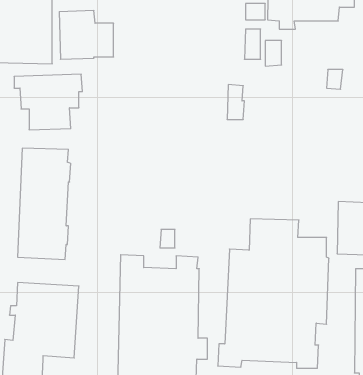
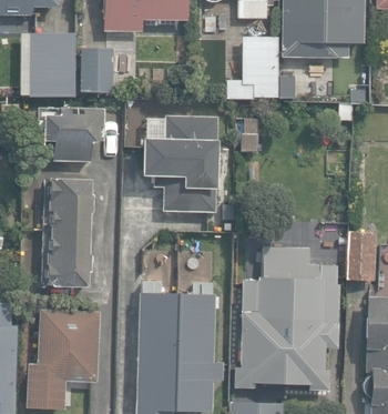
building: none -> [141,115,218,212]

